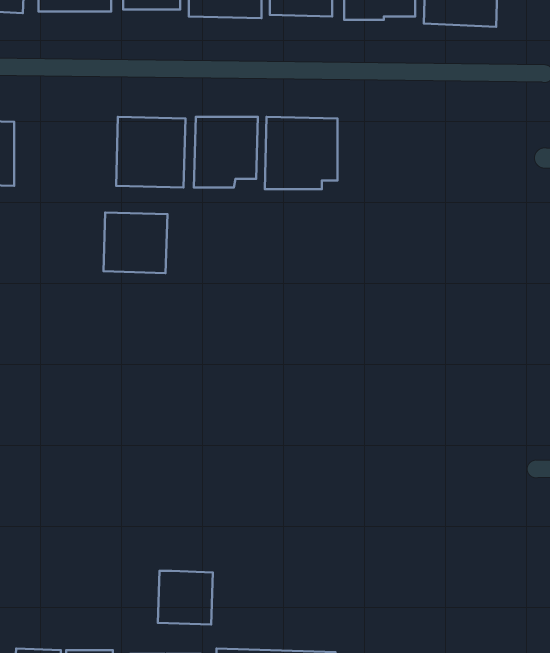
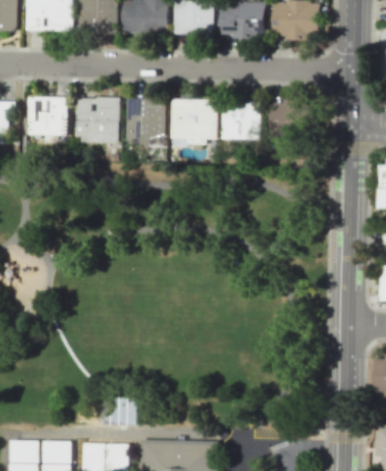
building: none -> [270,101,304,132]
building: none -> [221,102,261,141]
building: [103,213,167,273] -> [25,98,66,136]

